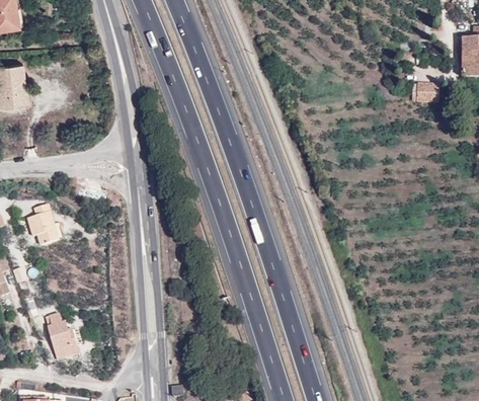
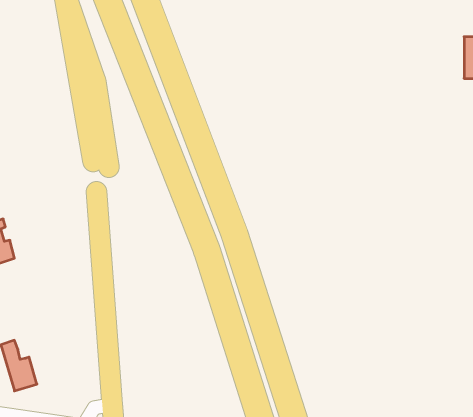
building: [417,82,438,101] -> none

